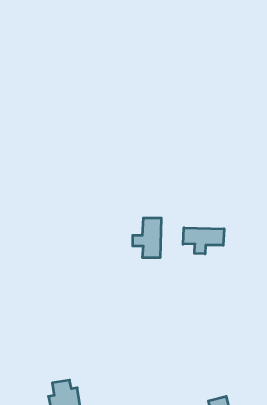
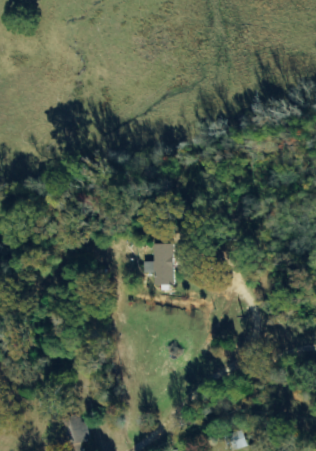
building: [183,228,224,254] -> none

